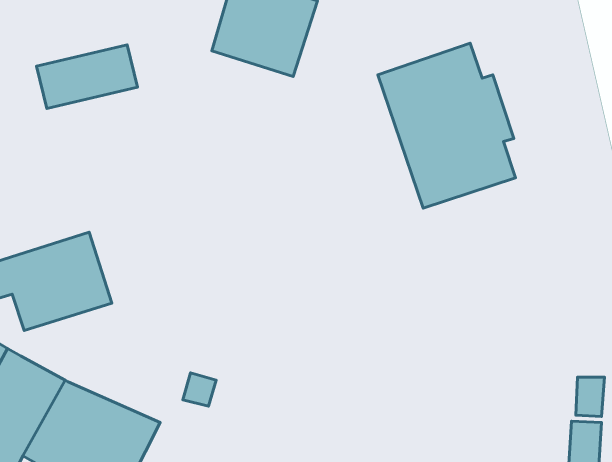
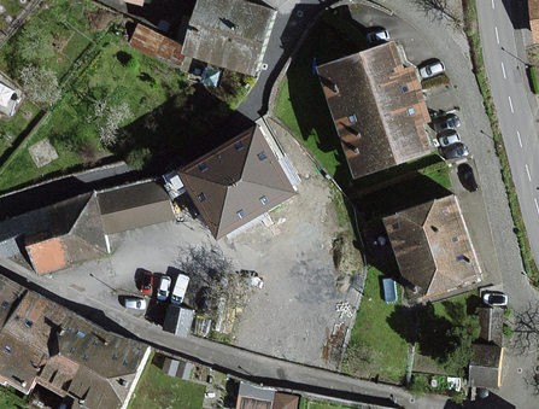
building: [36,45,138,108] -> [98,180,178,230]
building: none -> [180,127,294,236]
building: none -> [386,198,476,296]

